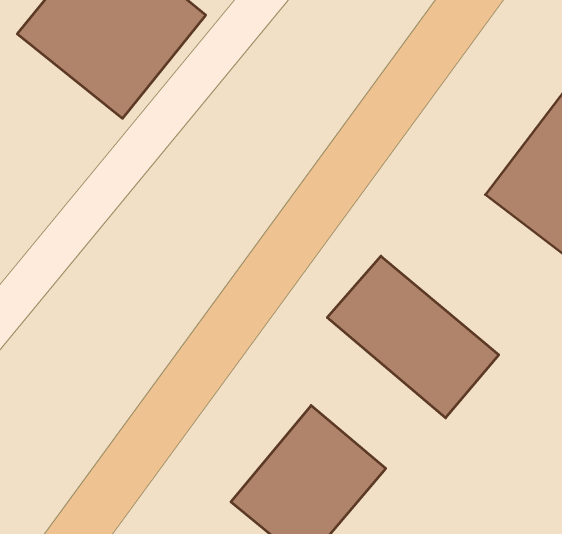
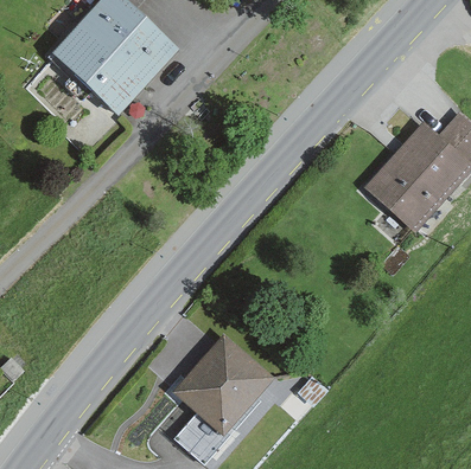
building: [327,256,499,418] -> none

